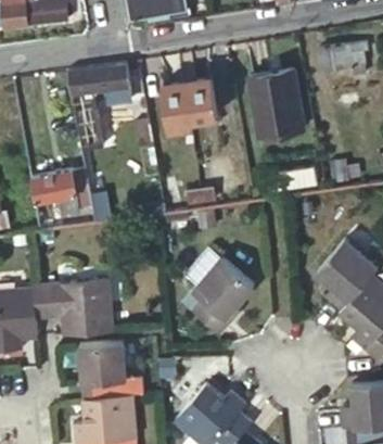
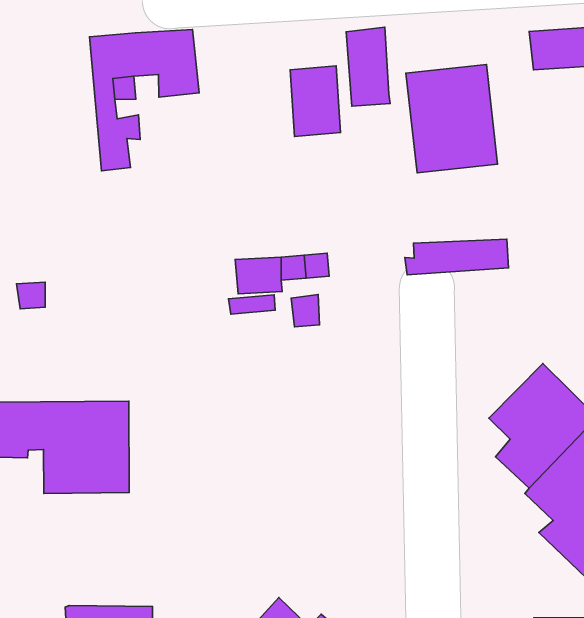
building: [163,81,191,128] -> [346,27,390,106]
building: [31,169,90,216] -> none
building: [190,255,252,333] -> none
building: [78,341,141,397] -> none

